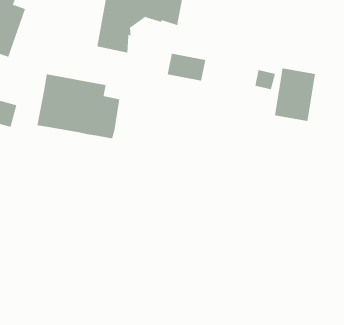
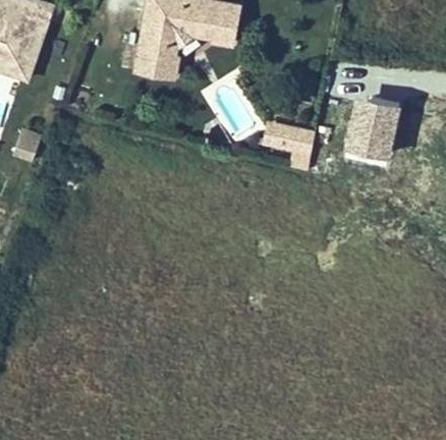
building: [167,53,206,81] -> [266,126,313,160]
building: [37,74,120,139] -> none

